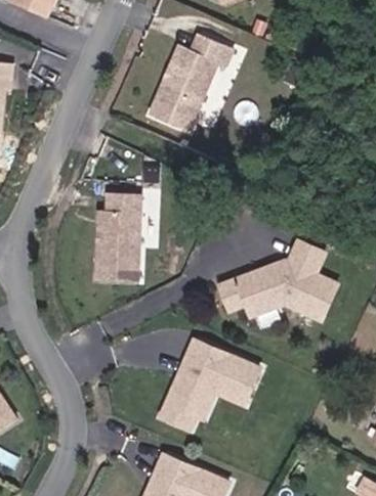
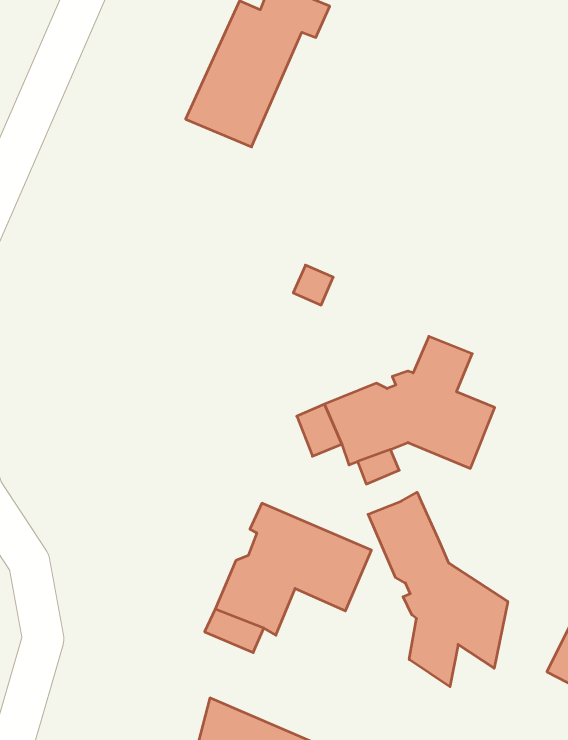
building: [97,192,143,280] -> none
building: none -> [368,492,508,687]

